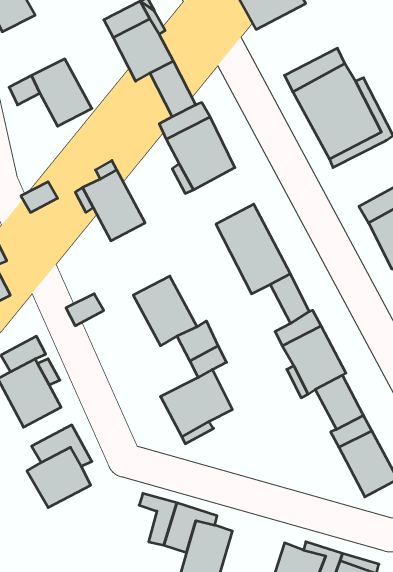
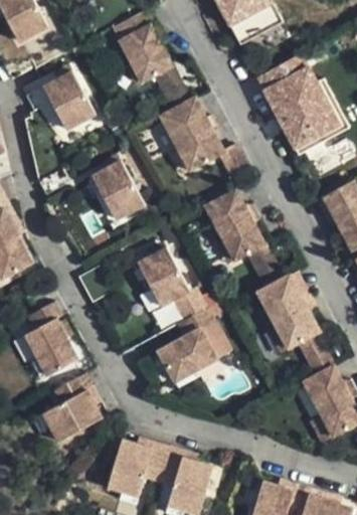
building: none -> [109,442,153,496]

